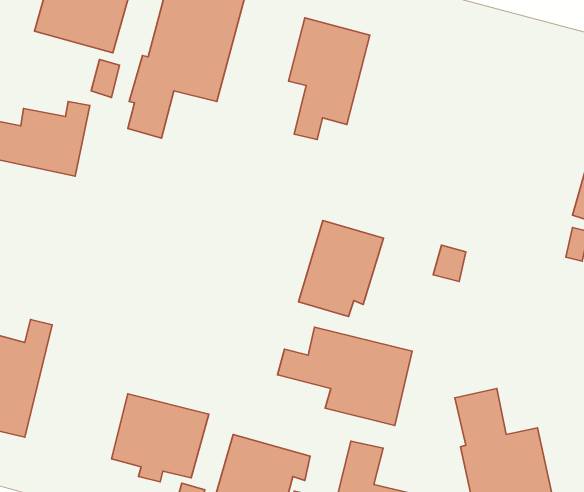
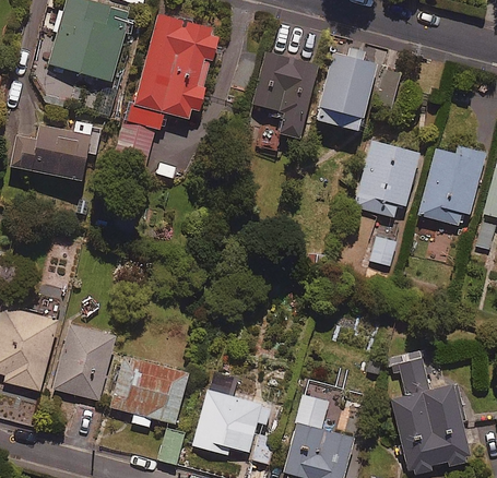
building: none -> [316,47,377,131]
building: none -> [418,146,484,225]
building: [298,221,384,317] -> [352,140,421,217]
building: [278,327,412,426] -> none
building: none -> [52,324,115,401]

